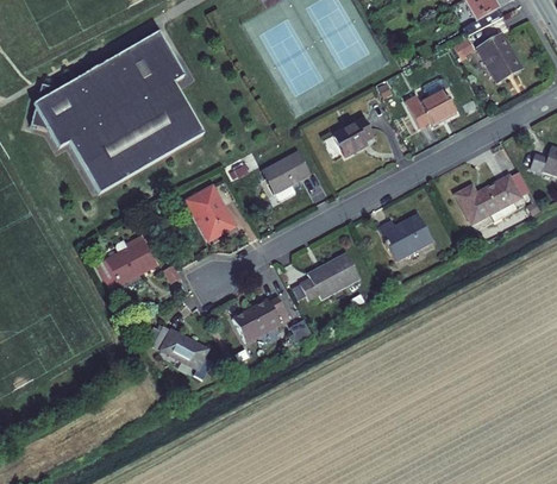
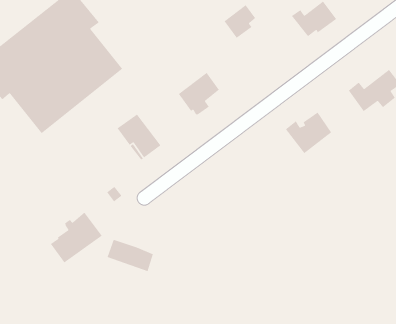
building: [334,118,373,156] -> [223,4,256,39]
building: [96,233,158,289] -> [50,212,103,264]
building: [300,252,359,298] -> none
building: [233,295,289,339] -> none

